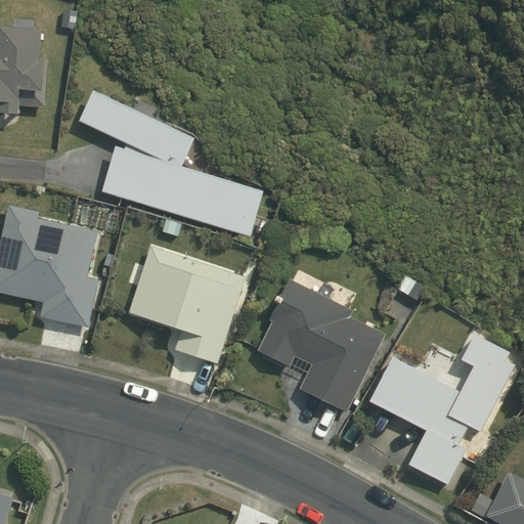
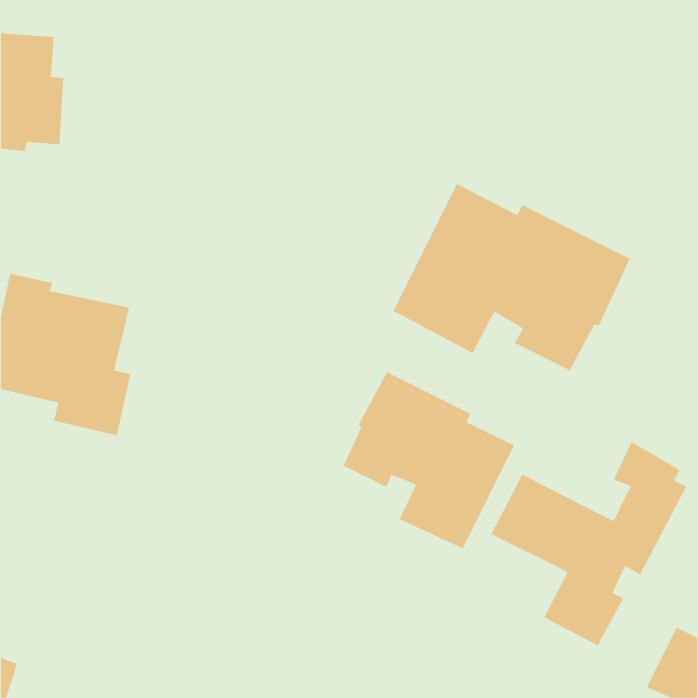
building: [78,88,264,236] -> none
building: none -> [393,183,631,371]
building: [128,244,247,363] -> none

